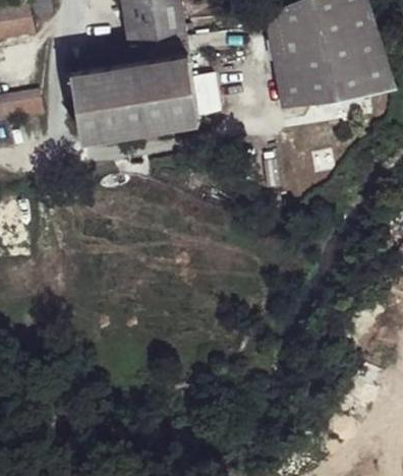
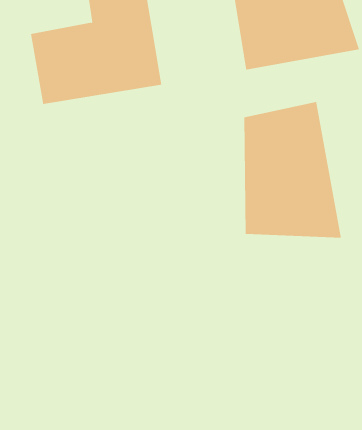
building: none -> [244,101,342,239]

